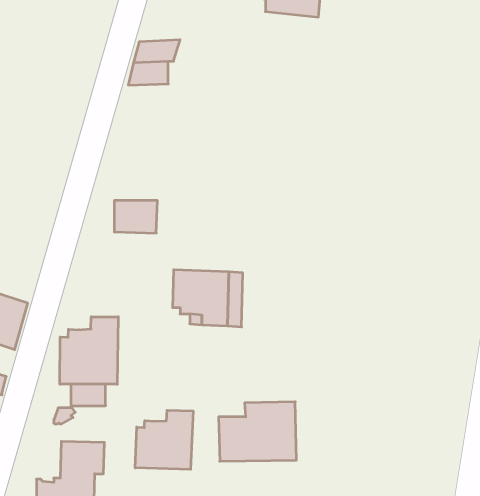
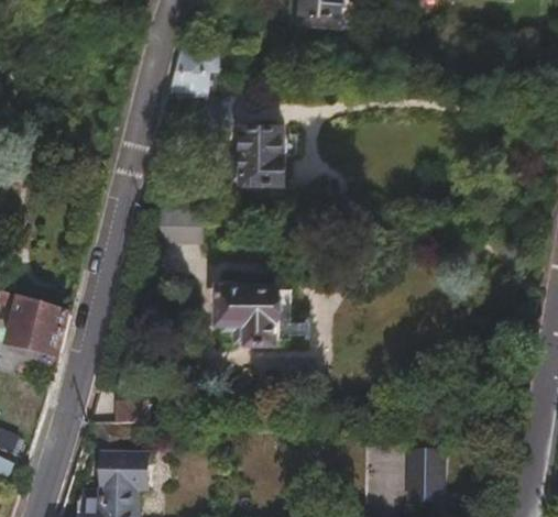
building: none -> [231,121,283,177]
building: [60,317,118,384] -> none
building: [219,402,296,461] -> [366,443,446,504]
building: [135,410,193,469] -> none

